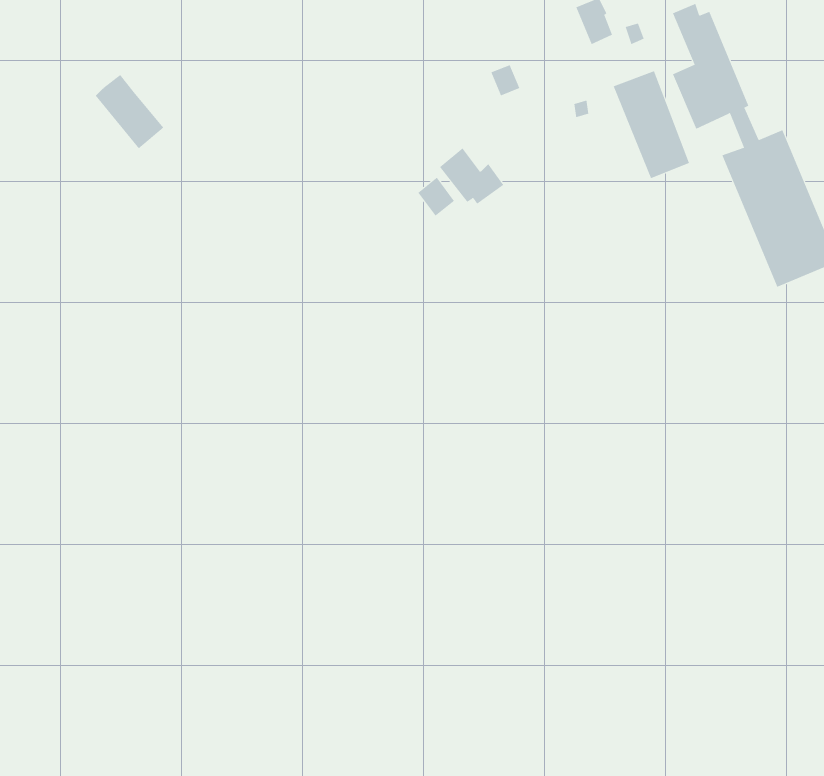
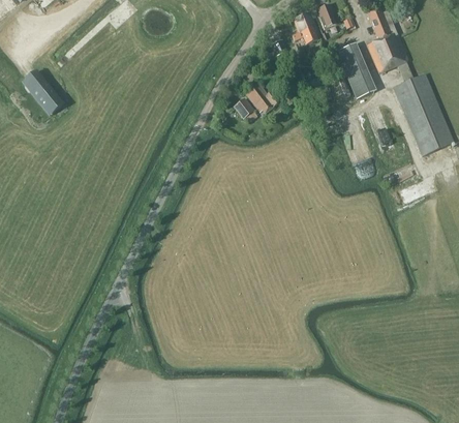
building: none -> [292,12,317,44]
building: [95,74,164,149] -> [23,71,59,111]

